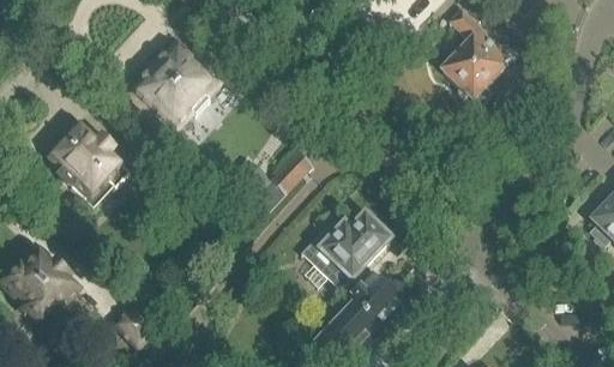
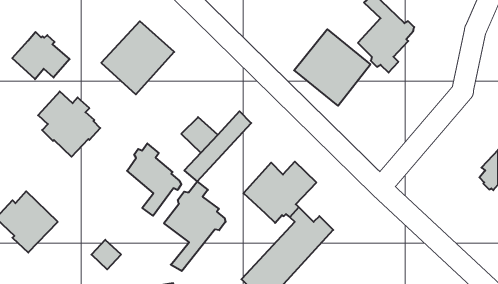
building: none -> [294,29,370,106]
building: none -> [12,32,70,79]
building: none -> [127,143,181,216]
building: none -> [164,181,226,271]

